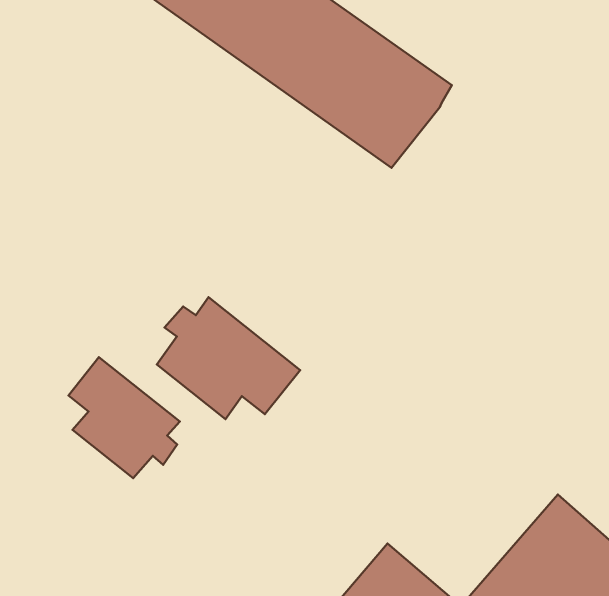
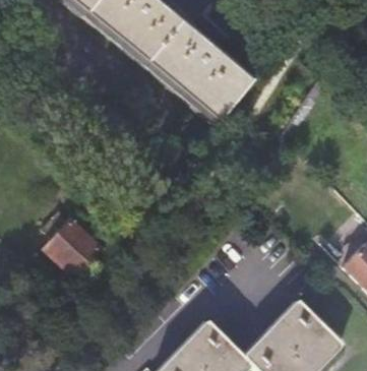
building: [157,297,300,419] -> none

